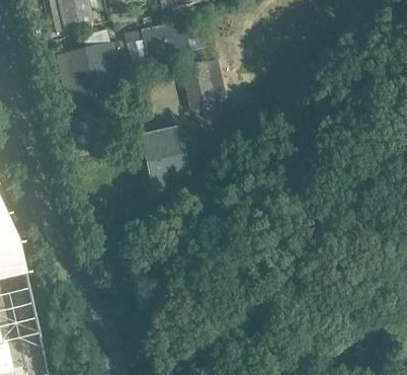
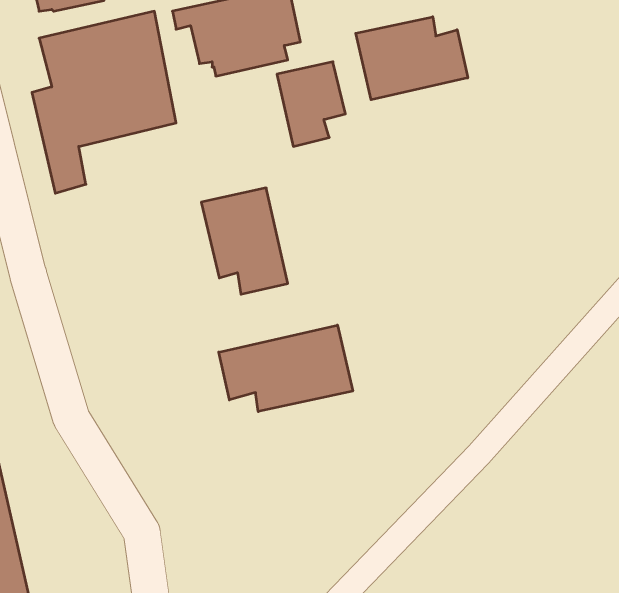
building: none -> [356,17,468,100]
building: none -> [219,325,353,412]

